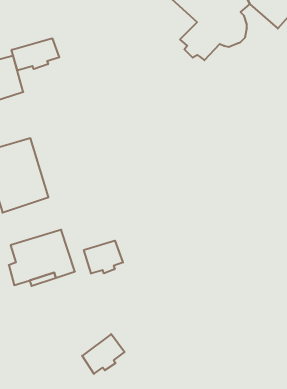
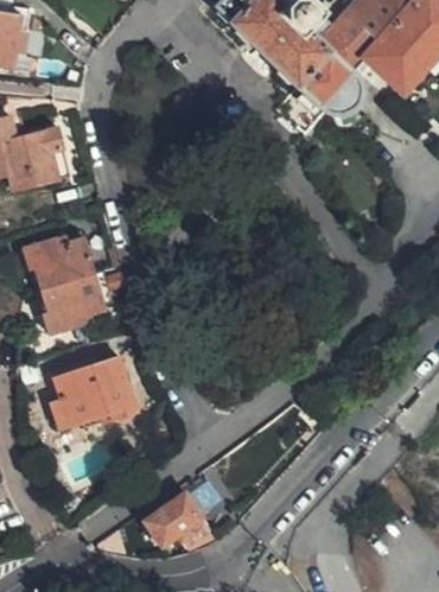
building: [12,38,59,70] -> none
building: [84,241,123,274] -> none

